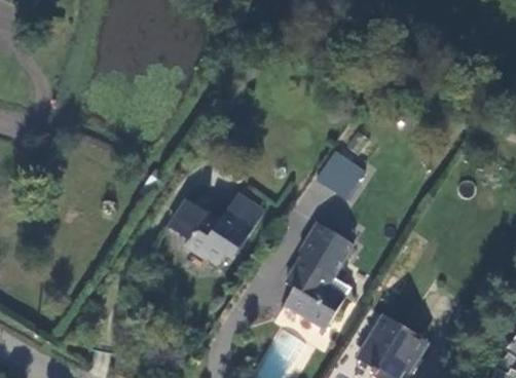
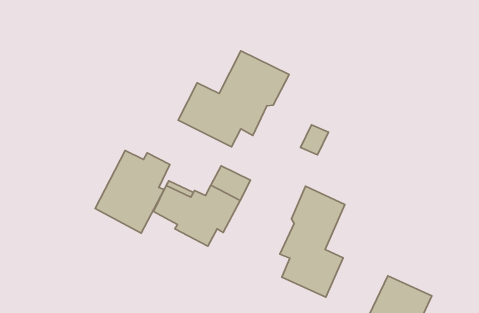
building: none -> [178,51,289,147]
building: none -> [95,150,170,233]

